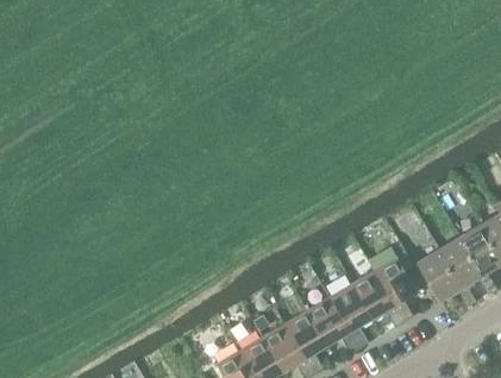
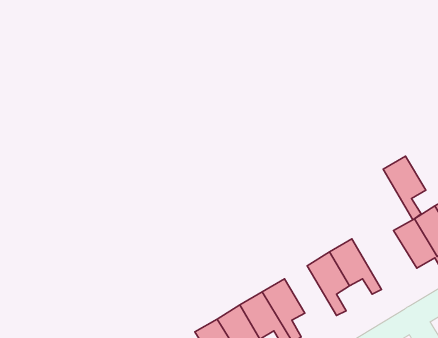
building: [375,258,418,322] -> [383,156,426,220]
building: [307,298,359,354] -> none

